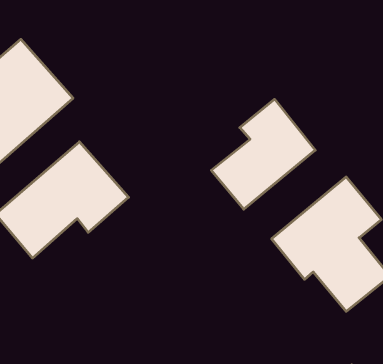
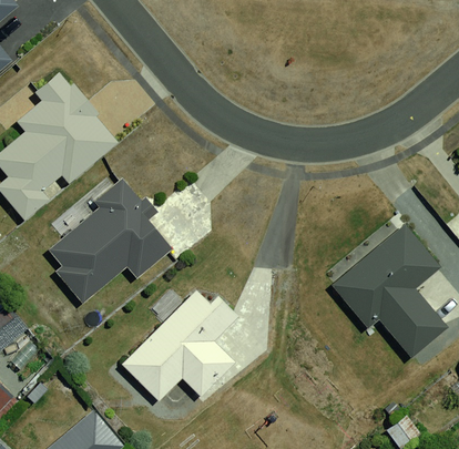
building: [211,99,315,209] -> none
building: none -> [121,286,236,401]

